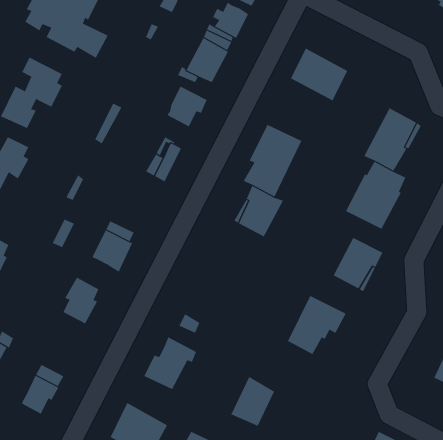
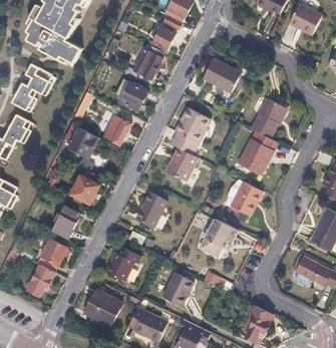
building: none -> [63,123,96,157]
building: none -> [135,192,166,228]
building: none -> [39,239,66,266]

